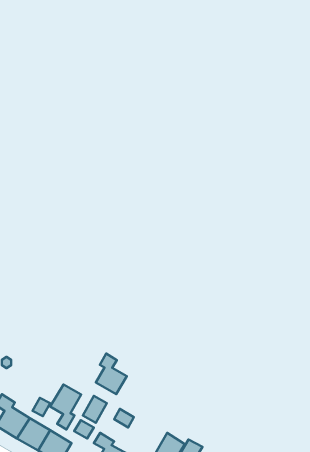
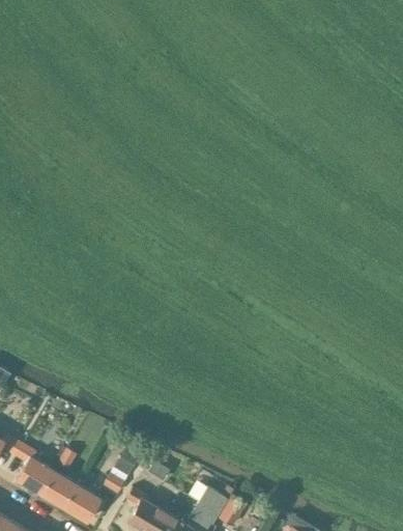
building: [96,354,127,394] -> none
building: [50,384,81,430] -> none

